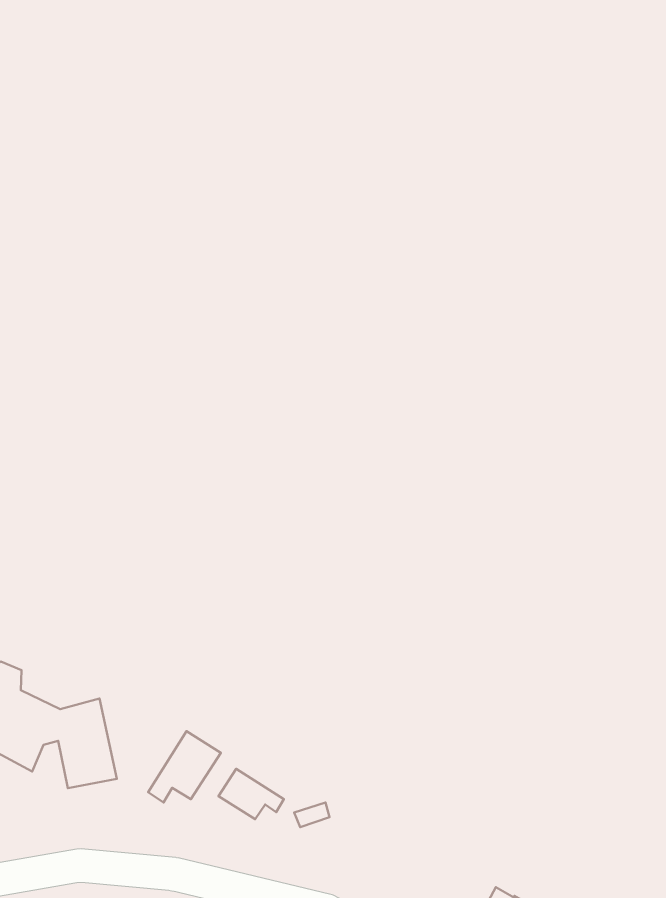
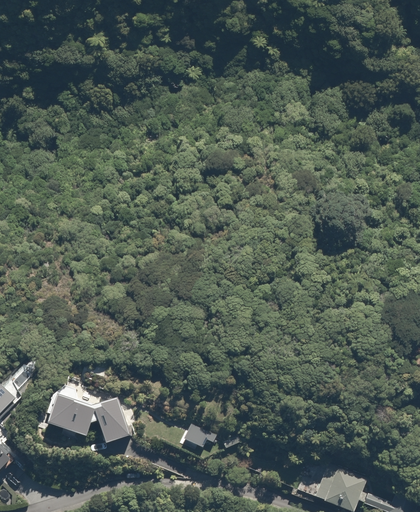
building: [148,731,221,802] -> none

